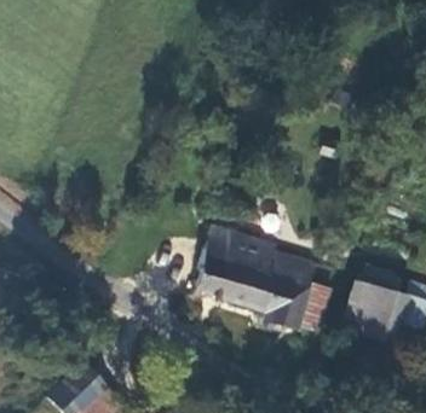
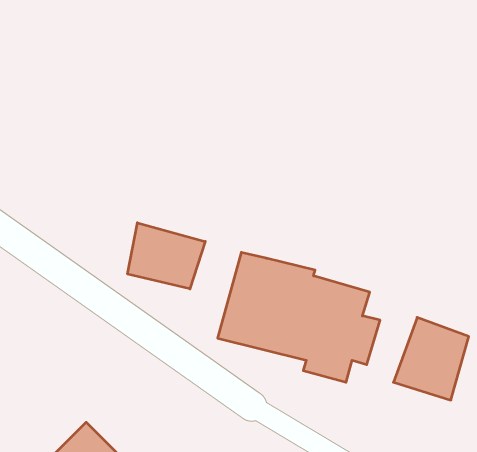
building: none -> [128,223,205,289]

